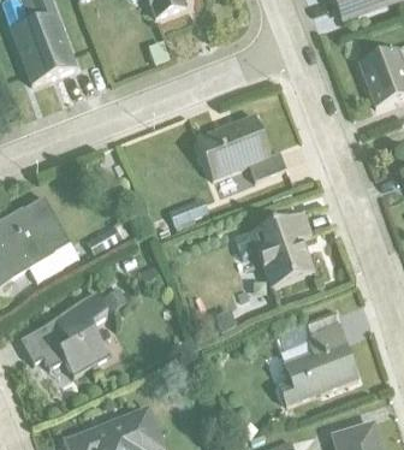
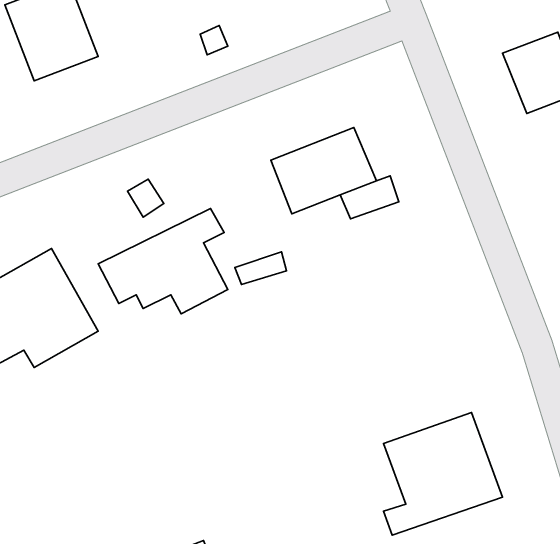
building: [251,215,313,285] -> none
building: [17,295,107,368] -> [98,208,228,314]

